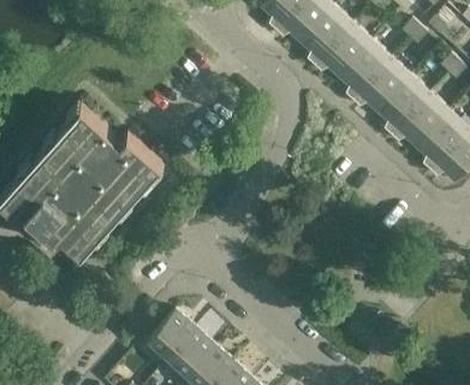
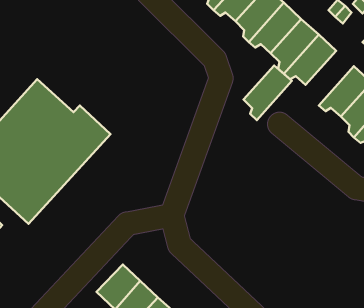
building: [377,75,430,135] -> [244,66,292,120]

